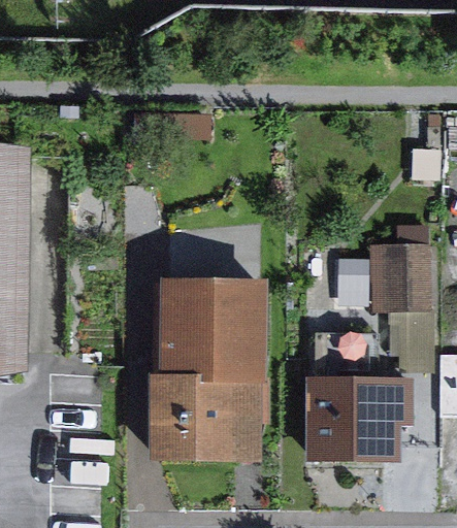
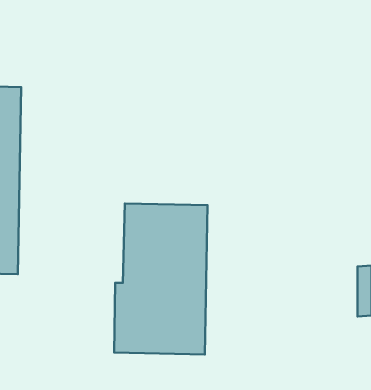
building: [371,246,432,310] -> none
building: [305,375,413,460] -> none

